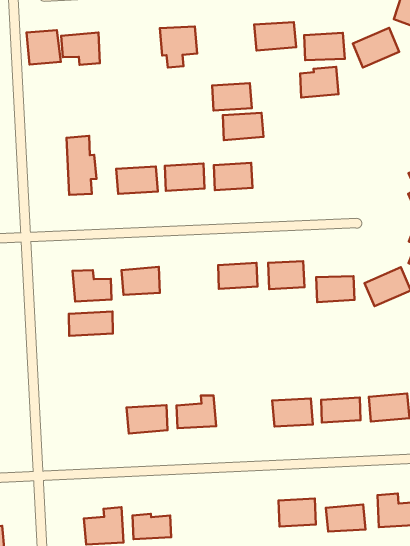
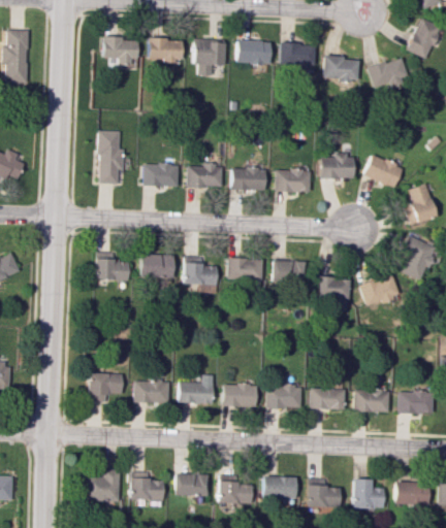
building: none -> [148,38,181,61]
building: [27,30,61,65] -> none
building: [300,67,339,97] -> [319,154,353,178]
building: [212,83,252,110] -> [235,40,270,64]
building: [223,113,264,140] -> [274,169,310,192]
building: none -> [362,155,403,188]
building: none -> [183,264,217,292]
building: [69,312,113,336] -> none
building: none -> [222,384,257,406]
building: none -> [88,372,123,401]
building: none -> [174,473,209,496]
building: none -> [218,482,252,503]

